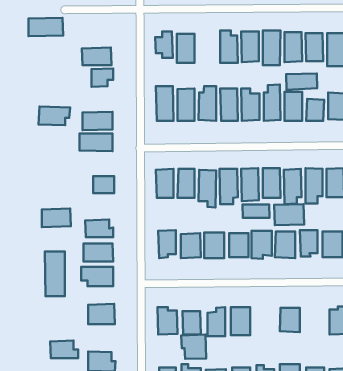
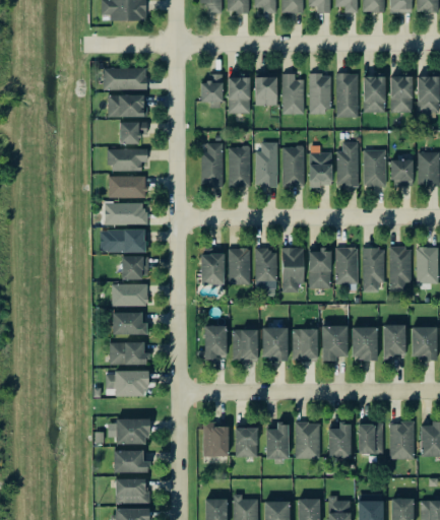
building: [29,18,63,36] -> [104,67,147,90]
building: none -> [255,74,277,106]
building: [286,73,317,90] -> none
building: [39,107,70,125] -> [109,148,148,172]
building: none -> [108,230,145,253]
building: [274,204,304,225] -> none
building: [243,205,270,218] -> none
building: [42,209,71,227] -> [112,283,148,307]
building: [45,252,65,296] -> none
building: none -> [389,421,415,459]
building: none -> [328,424,351,458]
building: [181,335,206,359] -> none
building: [50,341,78,358] -> [114,450,149,472]

